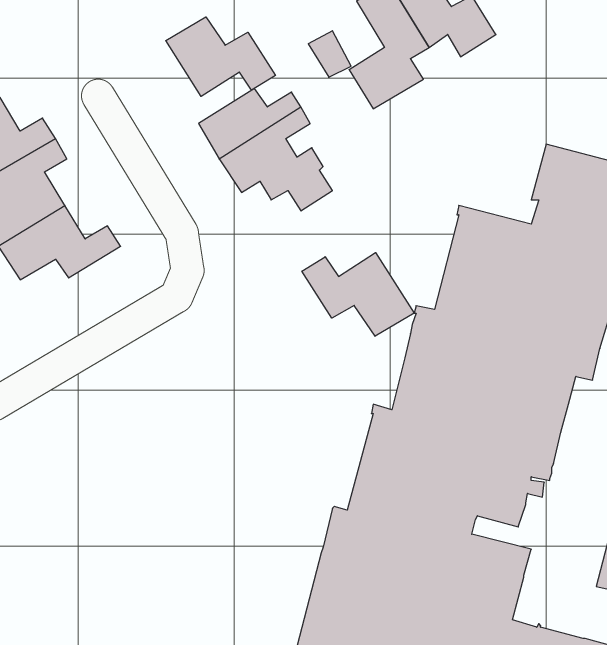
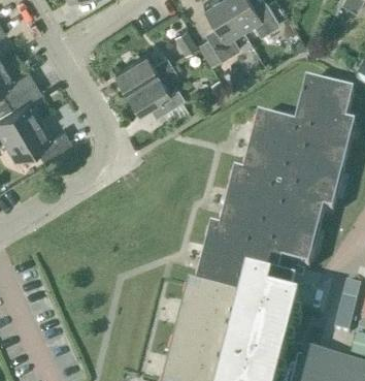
building: [166,17,275,96] -> none
building: [302,253,414,336] -> none

